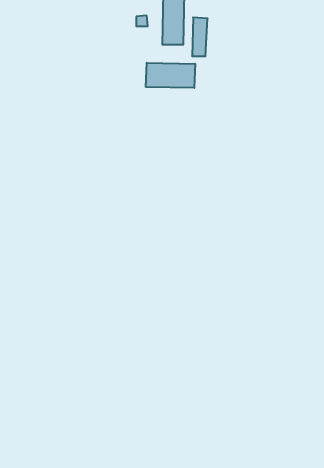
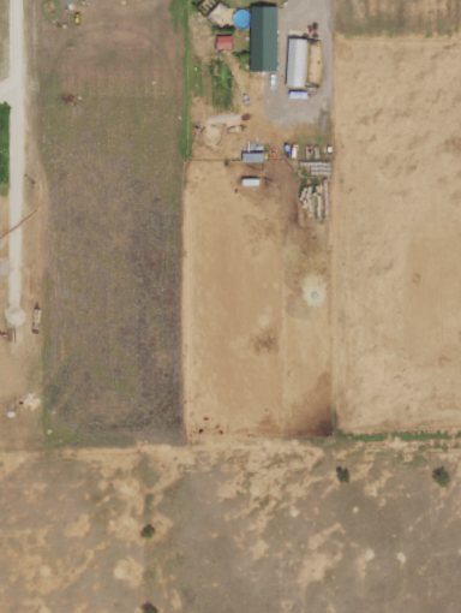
building: [146,63,195,88] -> none

